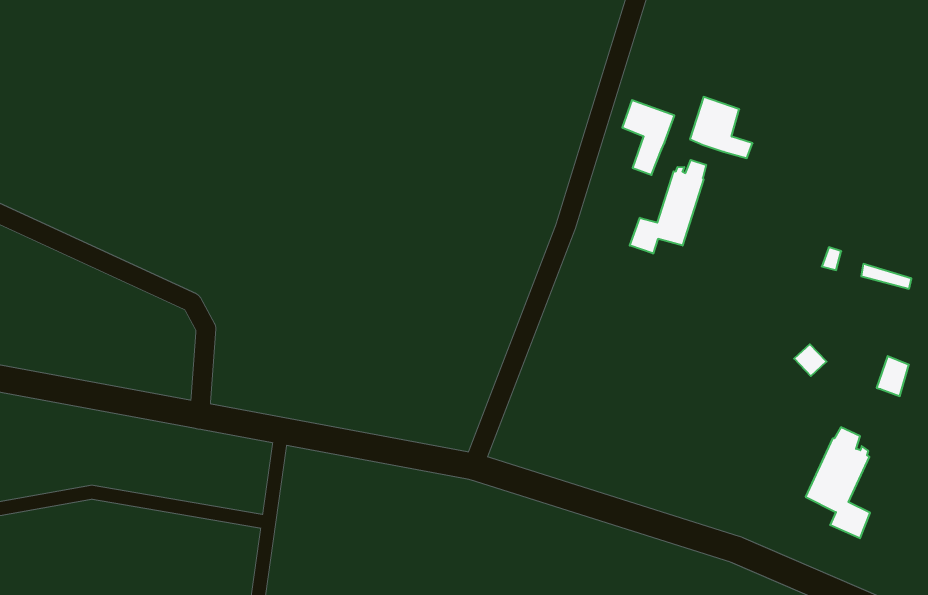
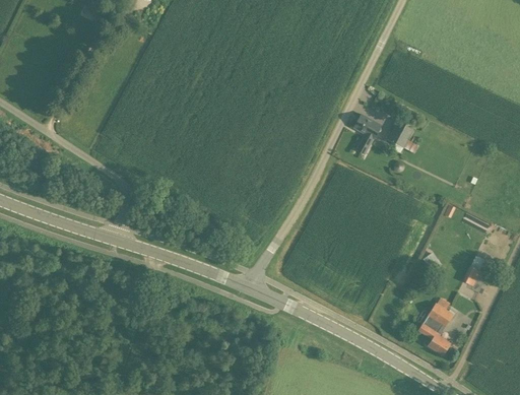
building: [630,160,706,254] -> none

